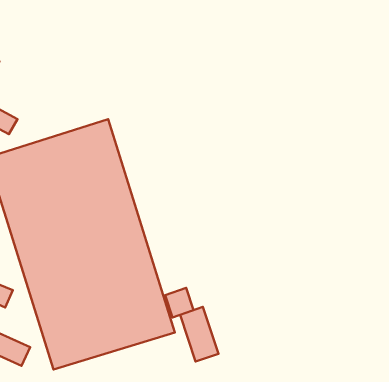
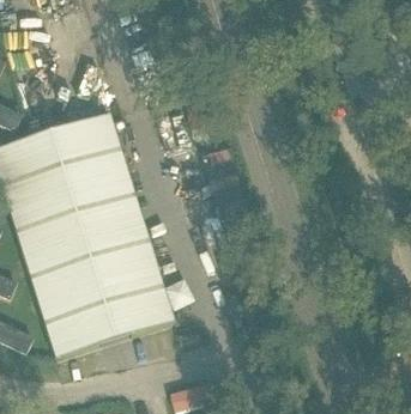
building: [180,307,218,362] -> none

